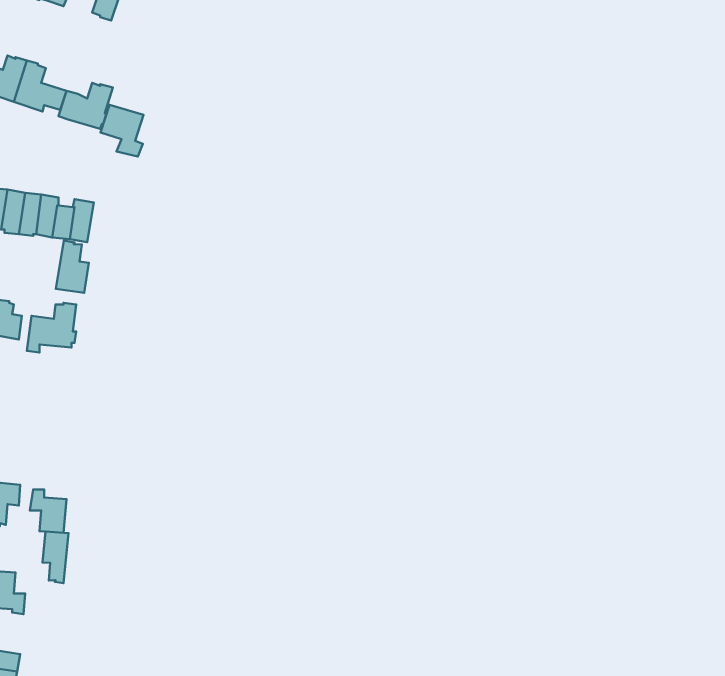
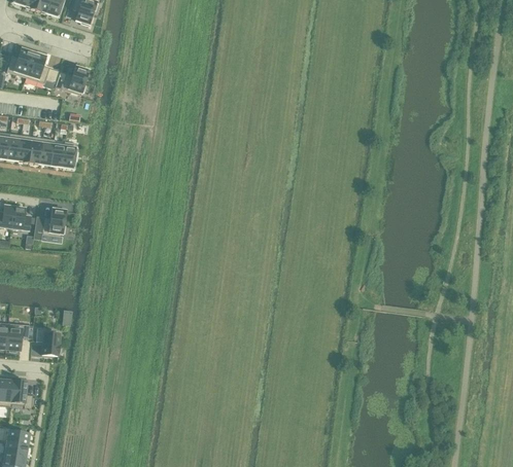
building: [101,105,143,157] -> none
building: [56,240,89,293] -> none
building: [43,532,68,583] -> none

